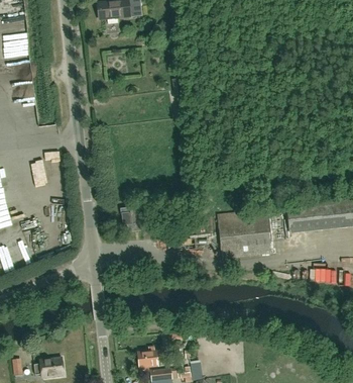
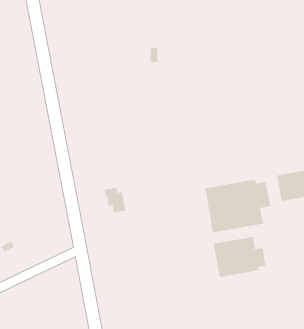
building: none -> [213,236,266,278]

